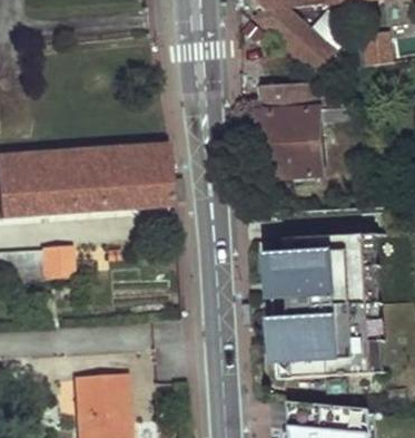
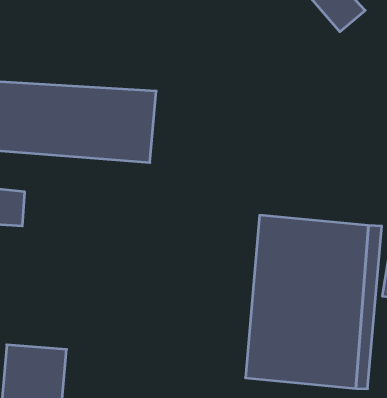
building: [261,76,346,177] -> none

